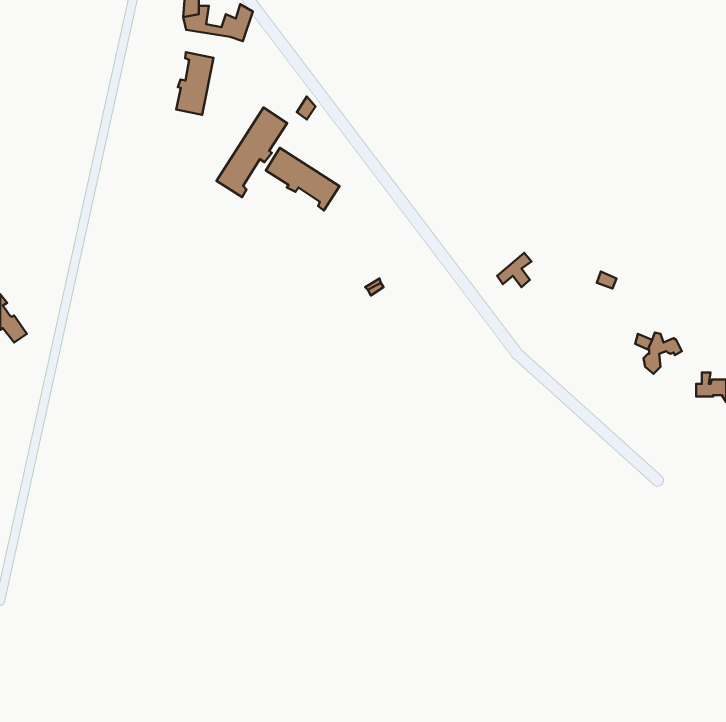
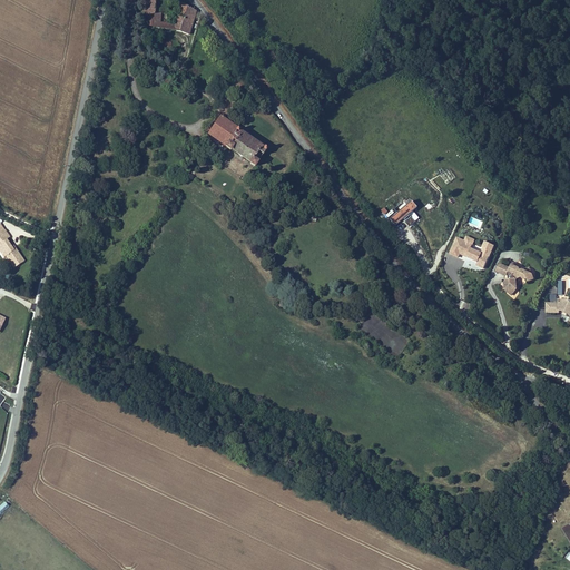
building: [176,52,214,115] -> none
building: [217,108,287,197] -> none
building: none -> [449,234,494,267]

